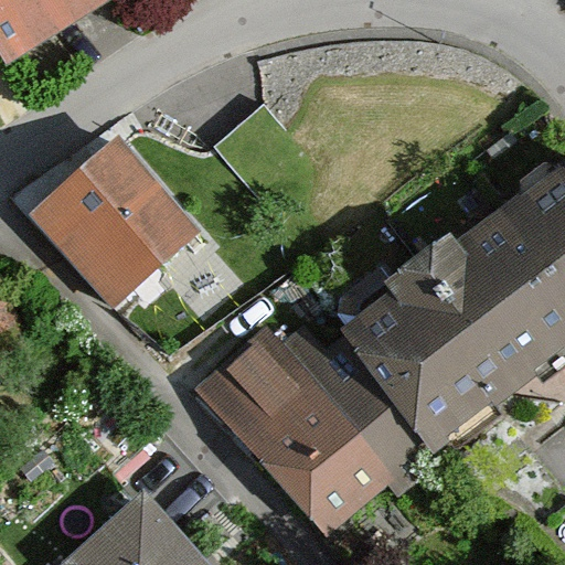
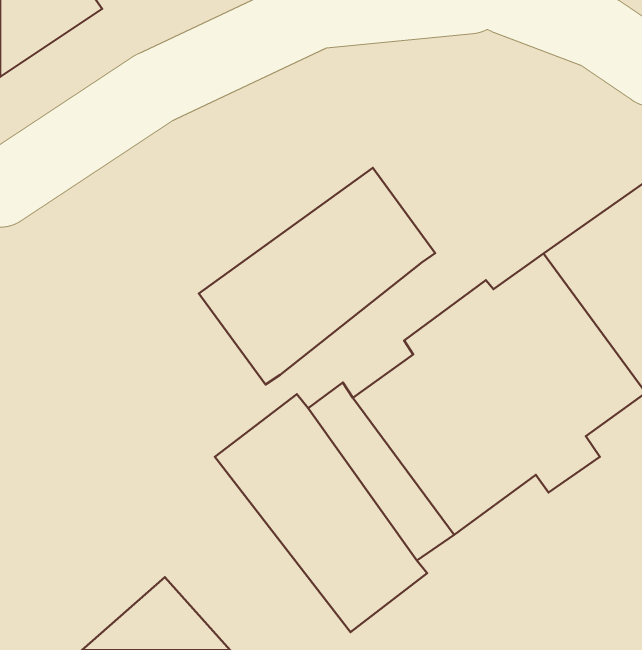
building: none -> [199,168,435,385]
building: [49,147,196,296] -> none

